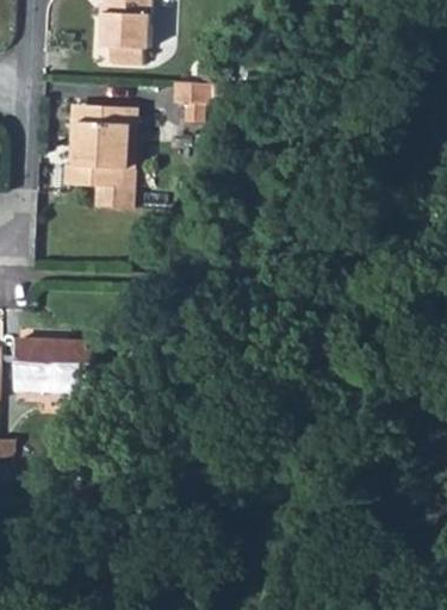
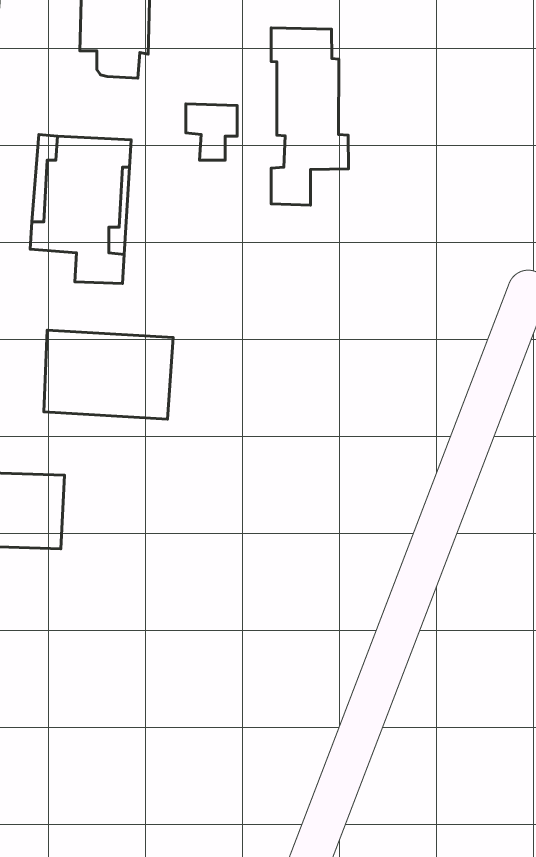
building: none -> [271,28,348,205]
building: none -> [44,330,173,419]

